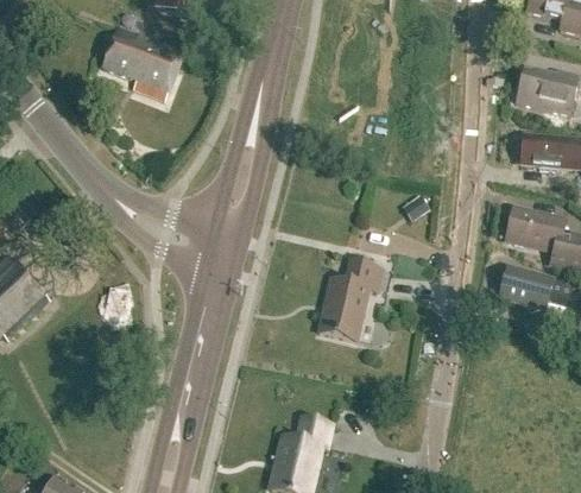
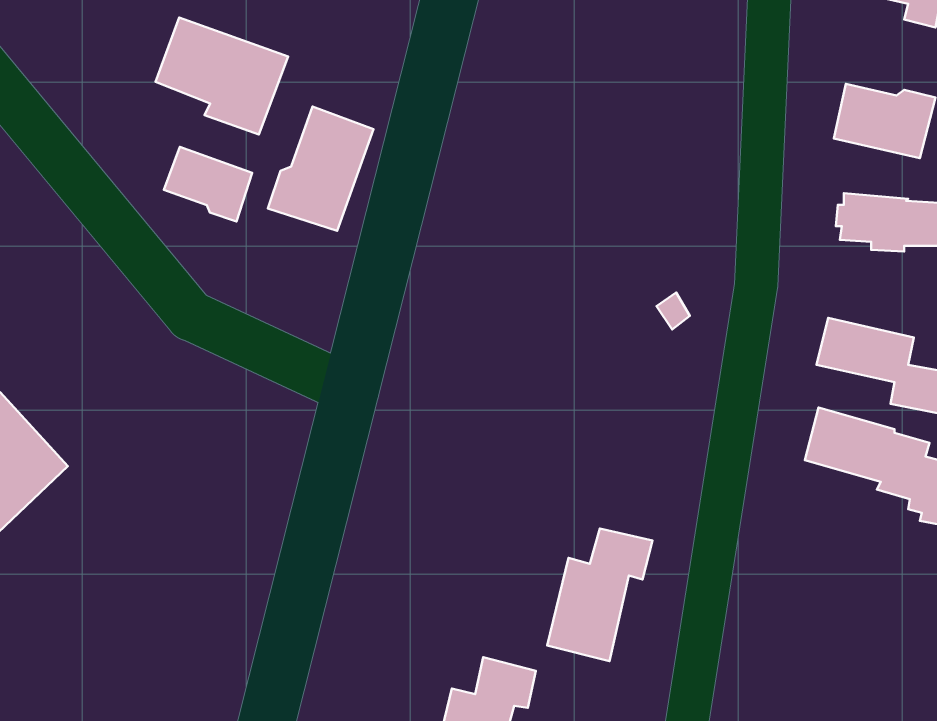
building: none -> [268,106,373,231]
building: none -> [164,147,252,222]
building: [318,259,383,340] -> [547,529,652,661]

